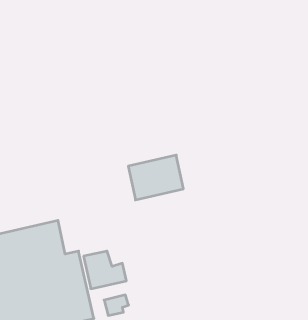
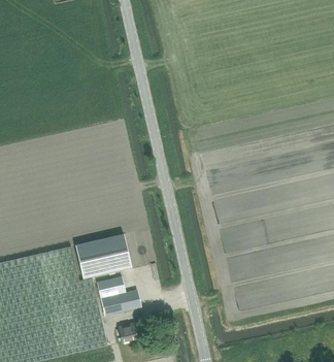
building: [128,155,183,200] -> [75,233,131,278]

